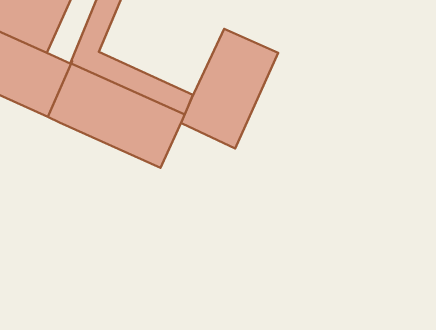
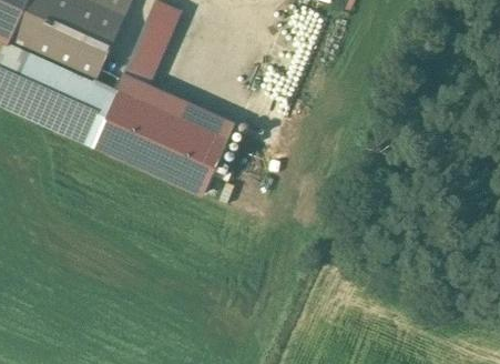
building: [181,29,278,148] -> none

